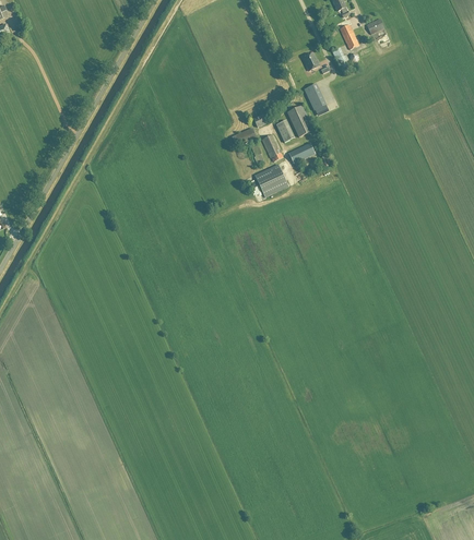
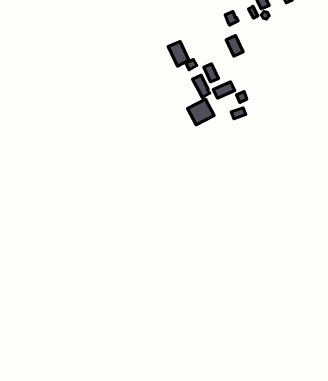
building: [286,105,312,136] -> [168,41,189,66]

